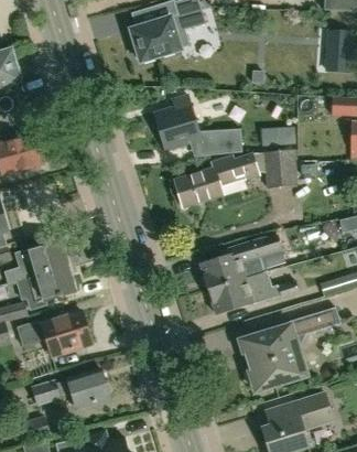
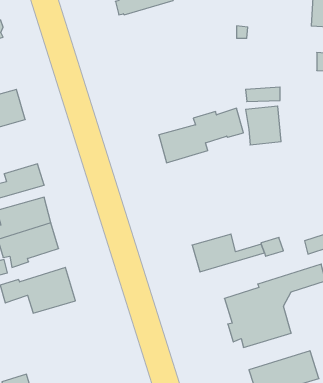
building: [154,94,241,155] -> none
building: [201,237,281,288] -> none
building: [33,369,110,408] -> none

